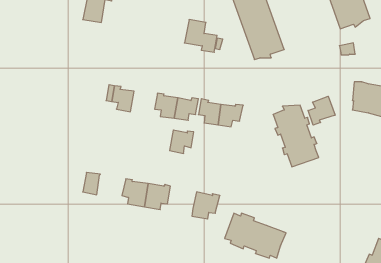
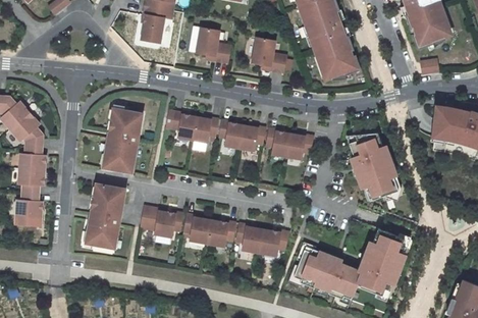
building: none -> [195,28,231,63]
building: none -> [102,108,143,173]
building: [308,96,335,125] -> none
building: [170,130,194,153] -> [192,117,218,143]
building: none -> [88,183,125,249]
building: none -> [154,209,183,237]
building: none -> [235,221,264,254]
building: none -> [356,229,408,297]

